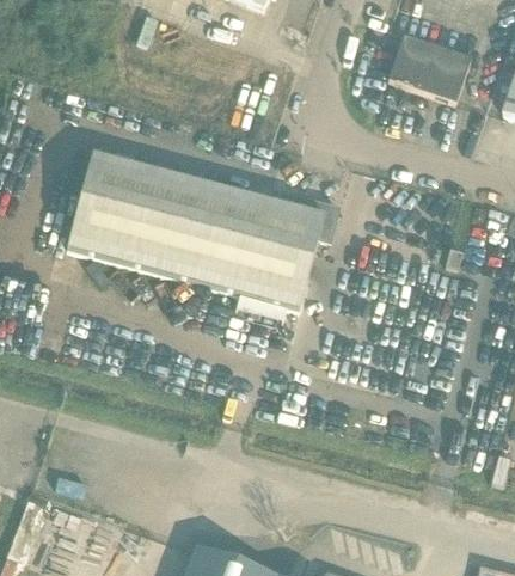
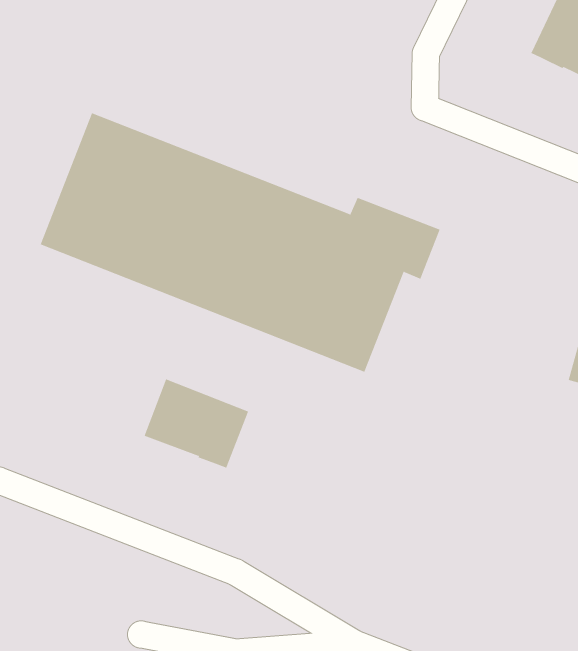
building: none -> [144,379,249,469]

